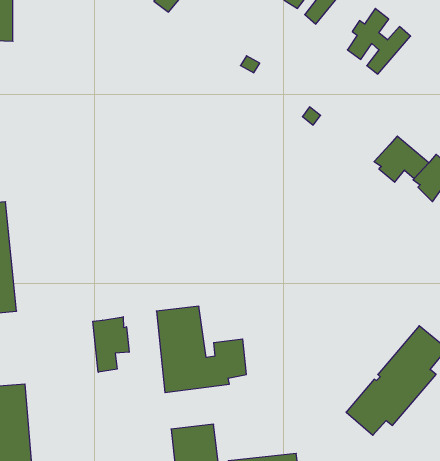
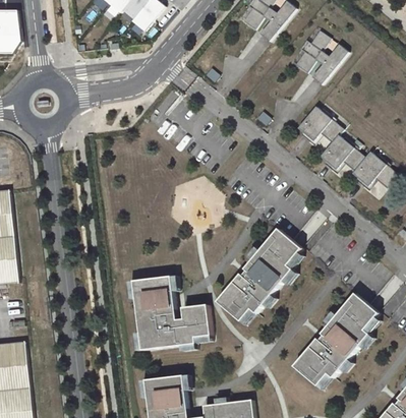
building: none -> [296,105,341,144]
building: none -> [217,229,300,320]
building: [93,317,129,372] -> none

